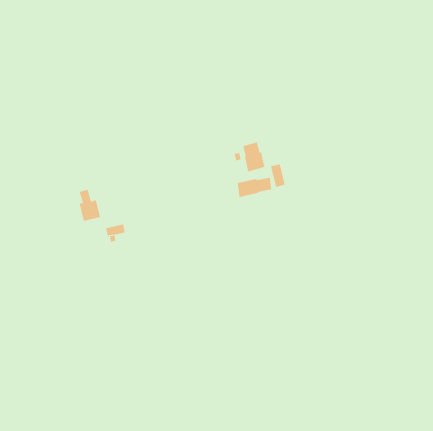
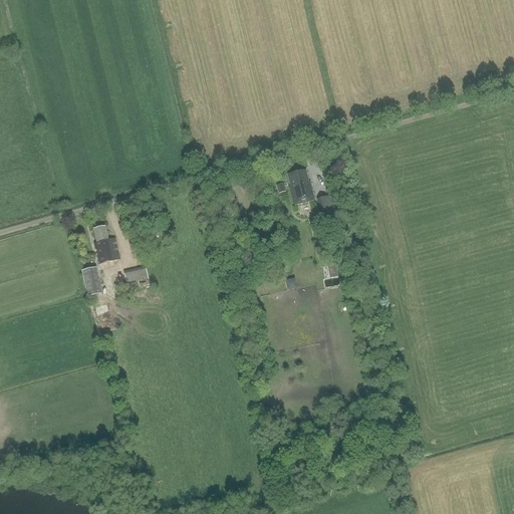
building: [237,177,272,198] -> none
building: none -> [81,265,102,294]

